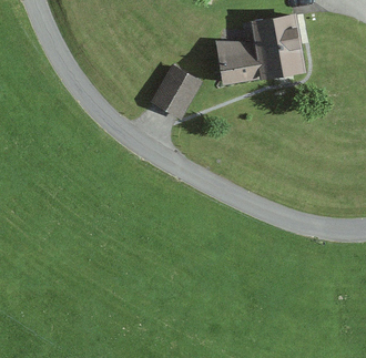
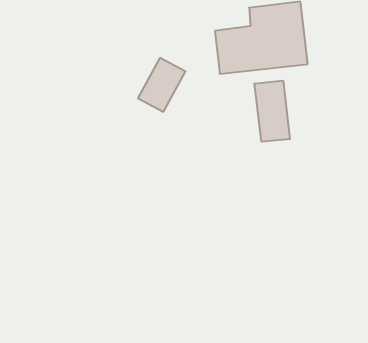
building: none -> [254,81,290,142]

